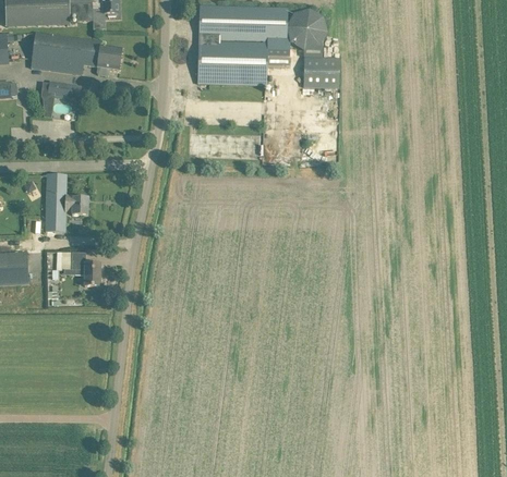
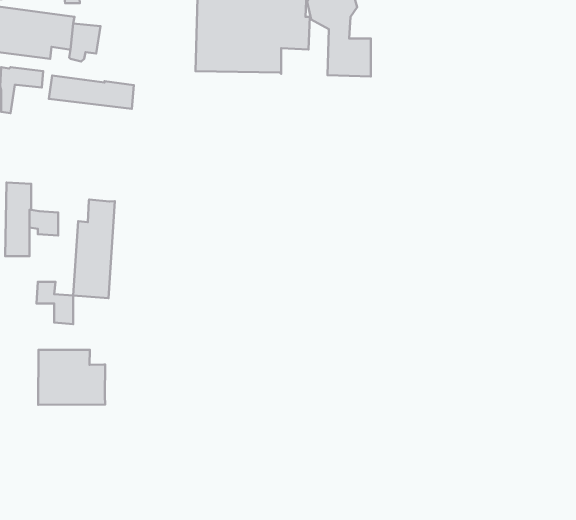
building: none -> [49,75,134,109]
building: none -> [73,199,115,298]
building: none -> [38,350,105,405]

